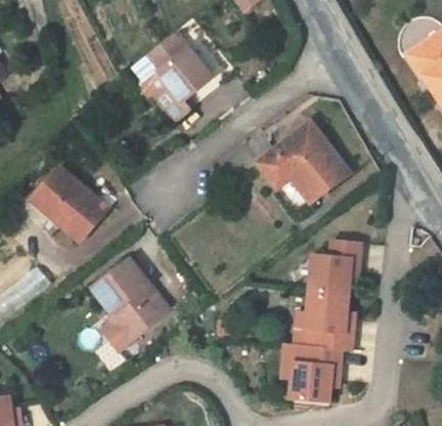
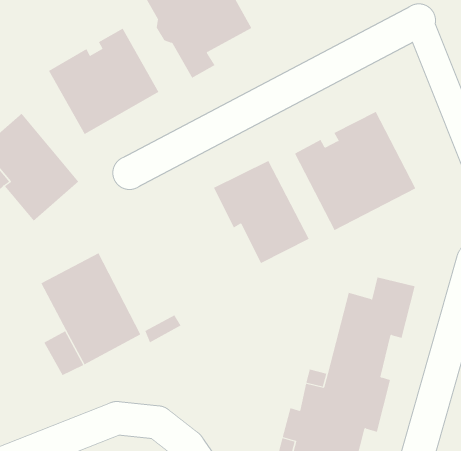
building: none -> [48,28,159,135]
building: none -> [213,160,310,264]

